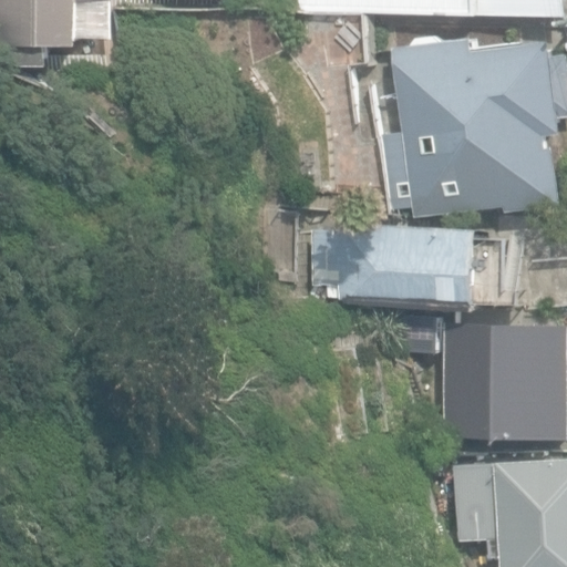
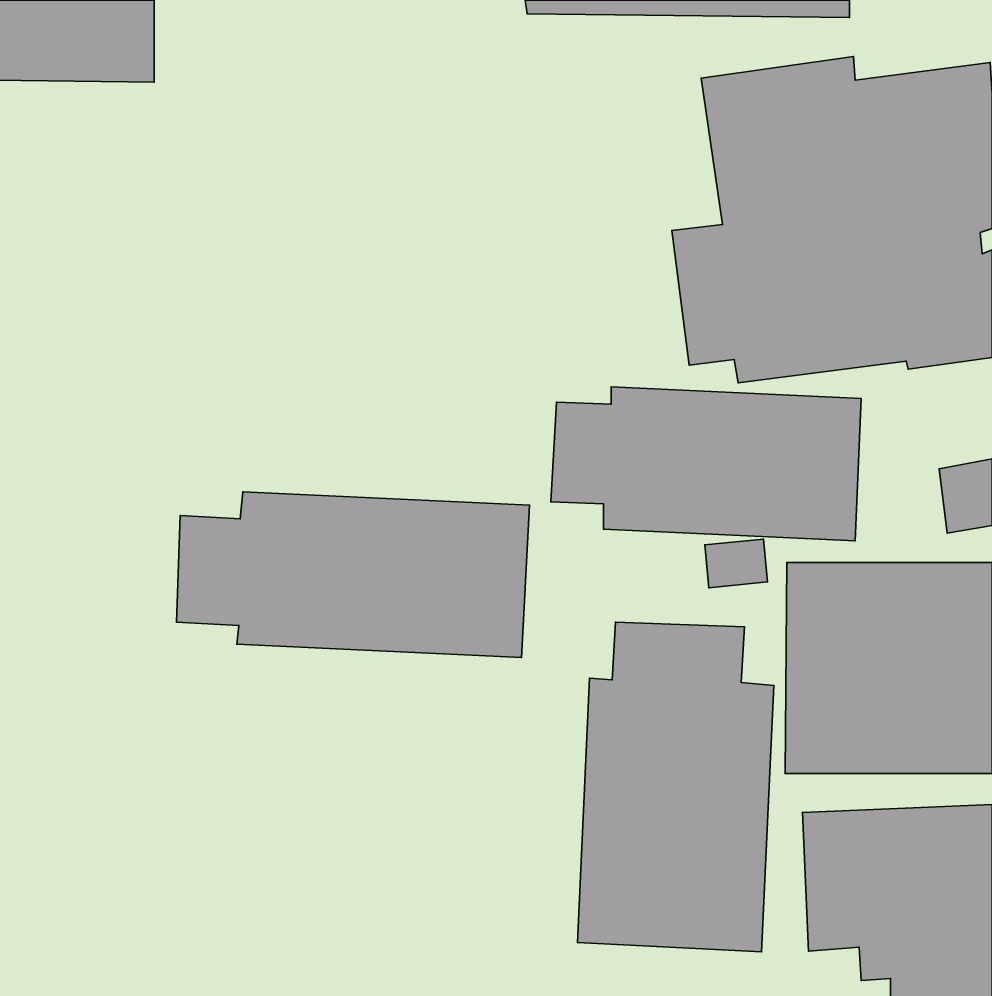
building: none -> [177,492,529,657]
building: none -> [577,622,774,952]

